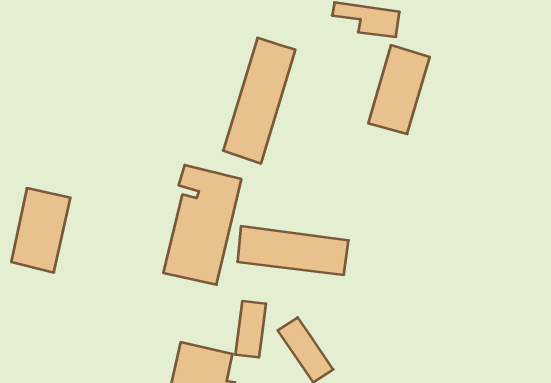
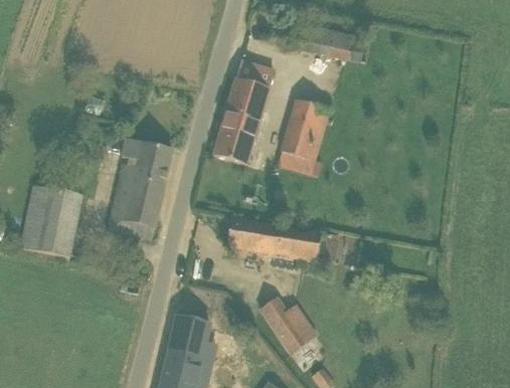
building: [368,45,430,134] -> [276,99,328,174]
building: [163,165,241,285] -> [105,137,171,238]
building: [235,301,266,357] -> none

